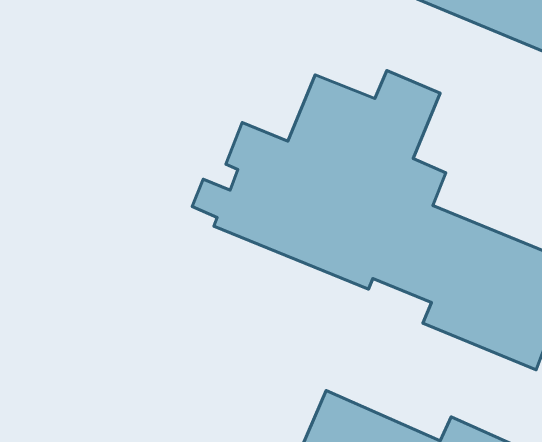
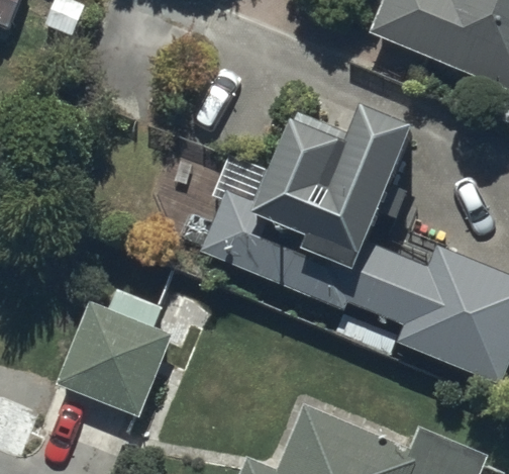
building: none -> [57,270,173,417]

